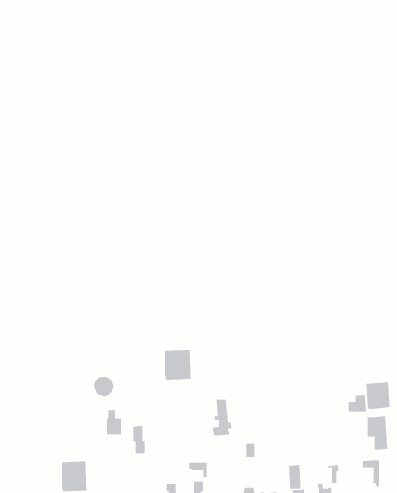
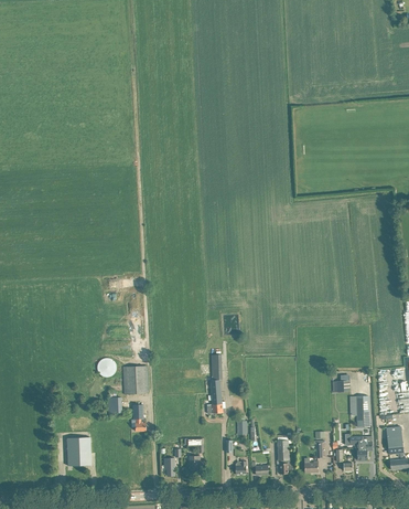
building: [164,349,192,380] -> [122,365,148,394]
building: [366,381,390,410] -> none

